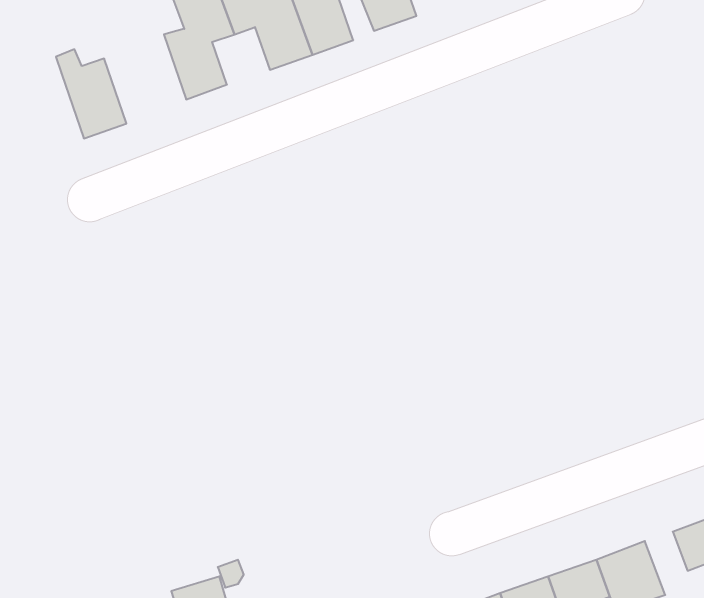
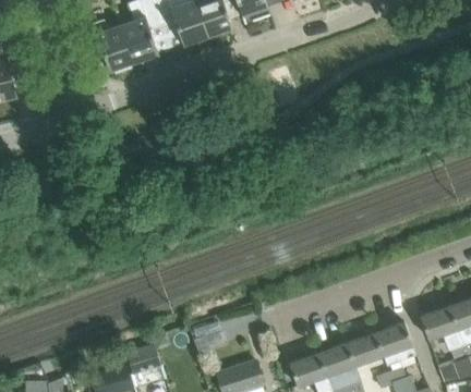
building: [56,49,126,138] -> [93,20,134,72]

